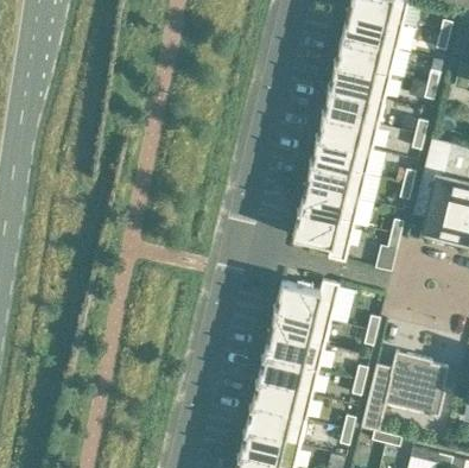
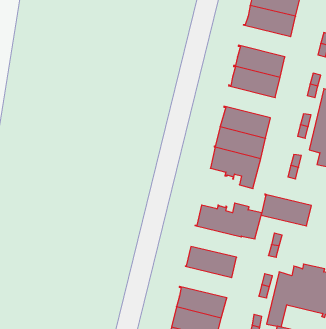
building: [328,61,392,100] -> none
building: [310,135,373,175] -> none
building: [270,306,331,346] -> [261,194,311,226]
building: [255,356,319,396] -> none

